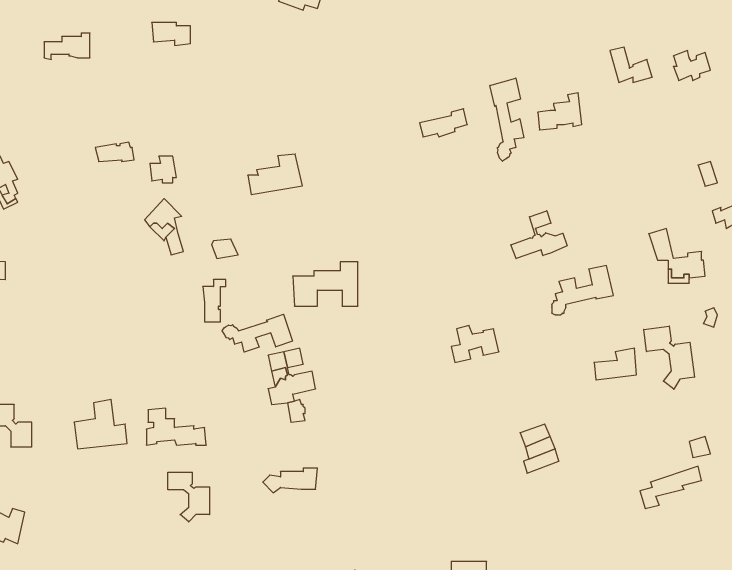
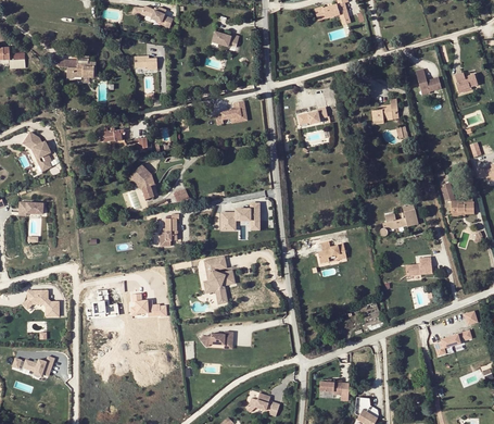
building: [490,78,524,161] -> none
building: [248,154,302,195] -> [215,100,249,125]
building: [511,211,567,259] -> none
building: [222,314,293,352] -> none
building: [644,326,694,389] -> none
building: [168,472,210,522] -> none

